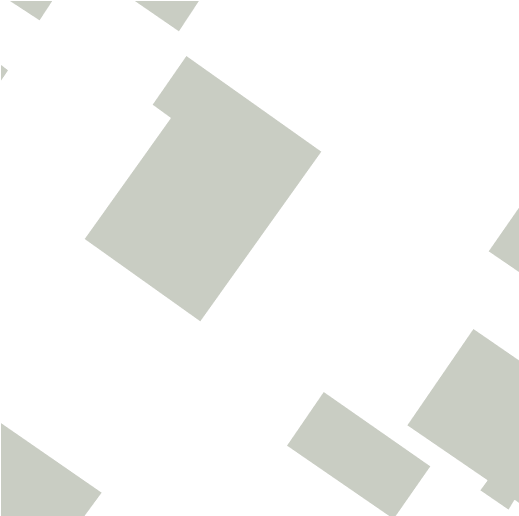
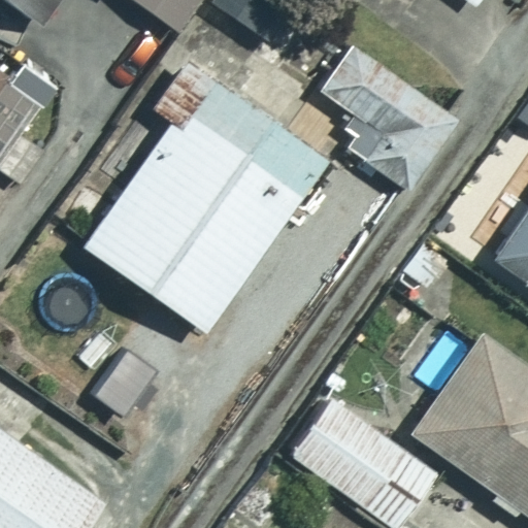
building: none -> [320,46,457,192]

